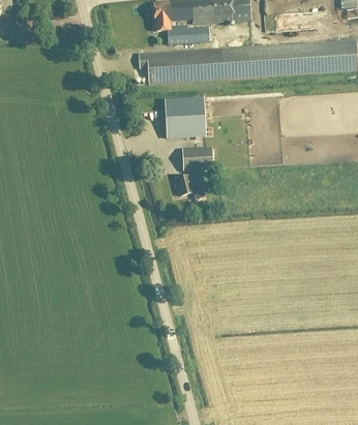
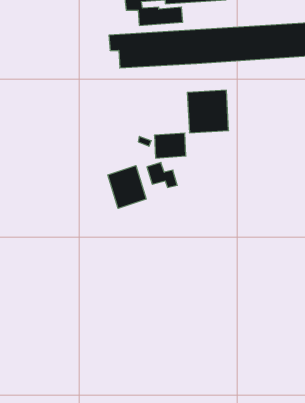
building: [165,98,204,139] -> [187,90,229,133]
building: none -> [108,166,146,208]

